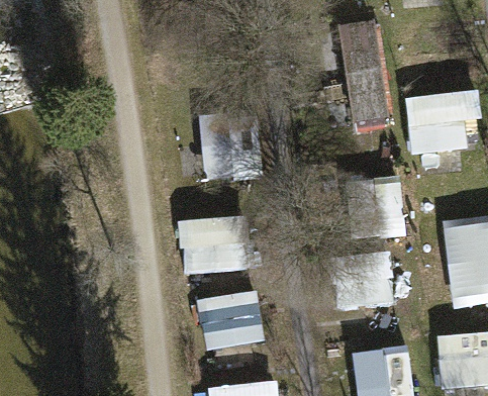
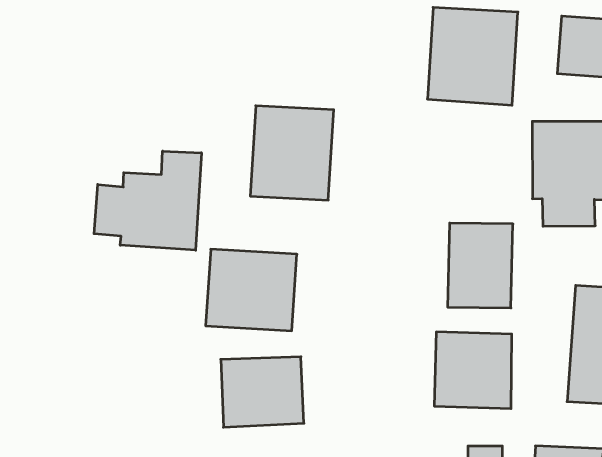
building: none -> [94,151,201,250]

